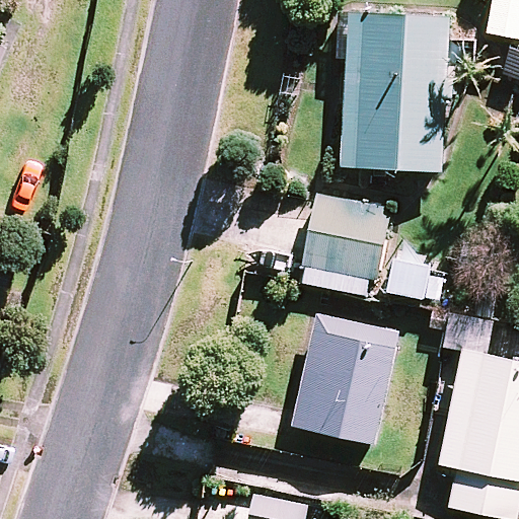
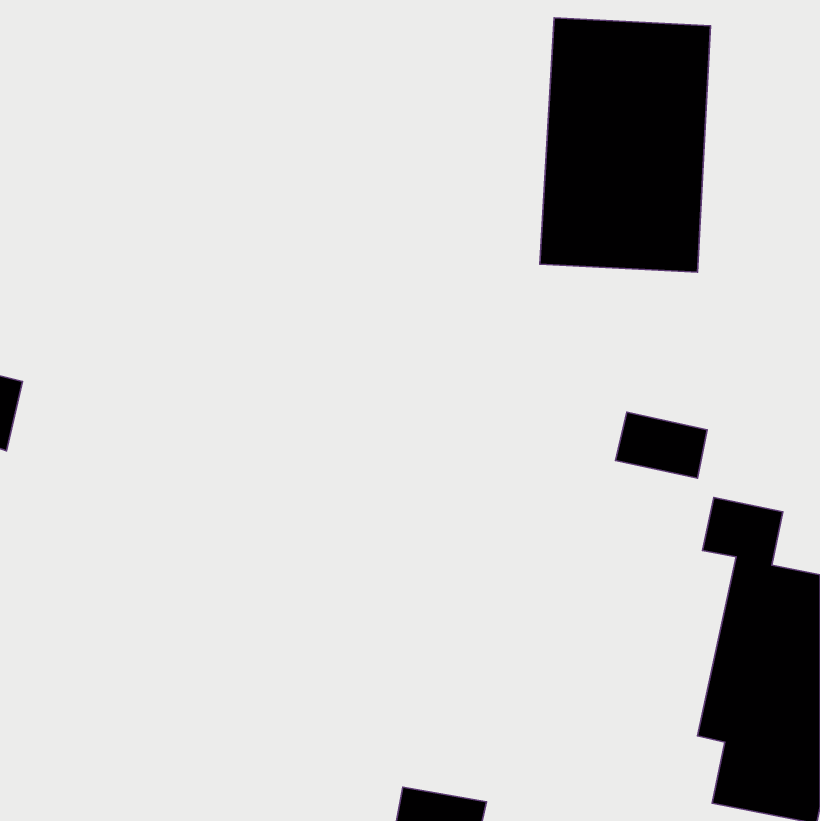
building: [302,195,388,296] -> none
building: [291,312,399,444] -> none

